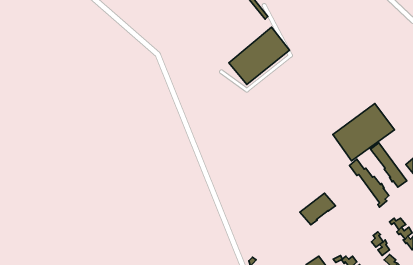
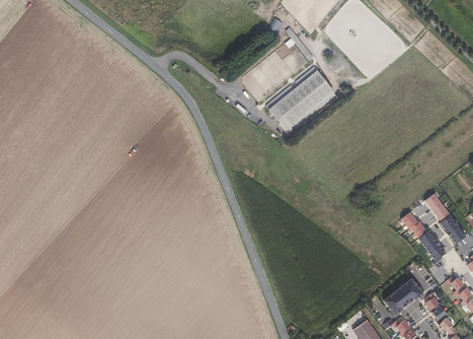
building: [333,103,394,161] -> none
building: [300,193,335,225] -> [383,279,422,315]

